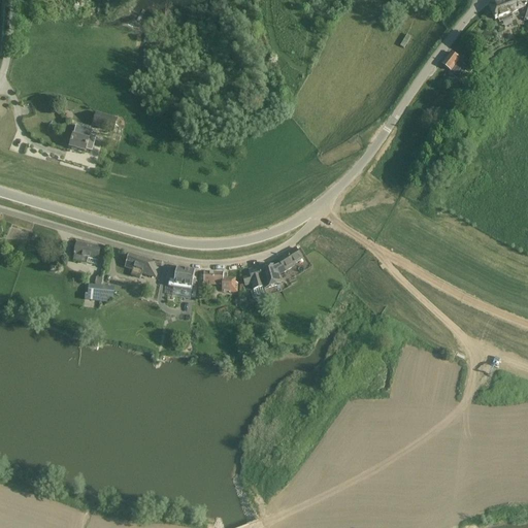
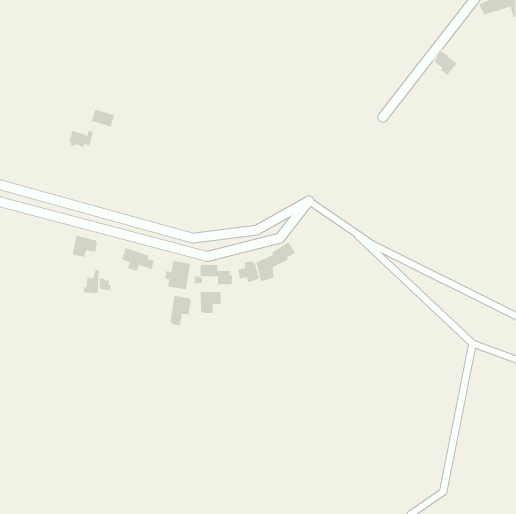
building: none -> [200,291,221,314]
building: none -> [170,295,191,326]

